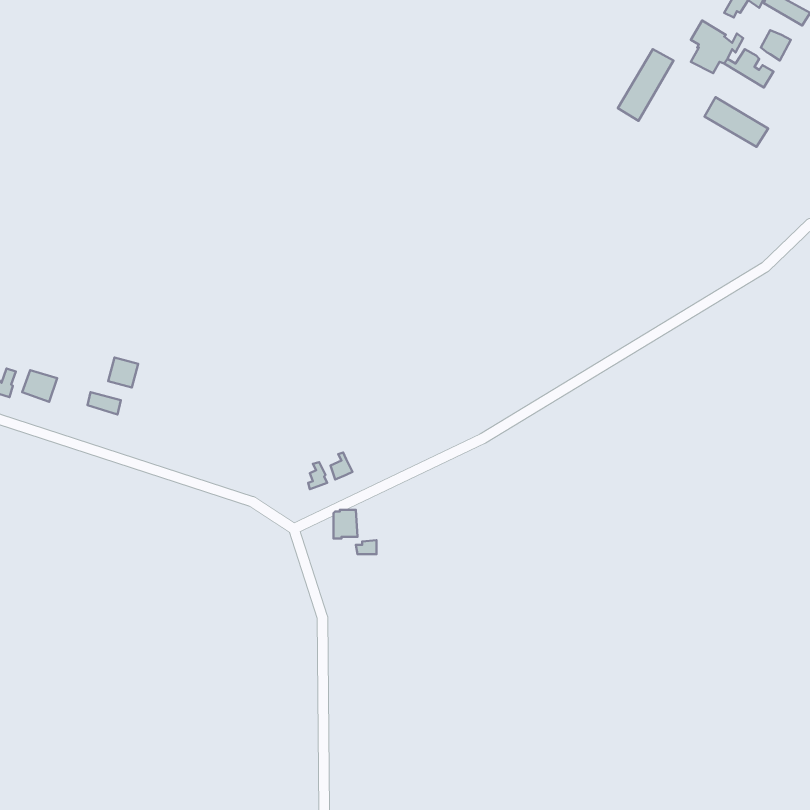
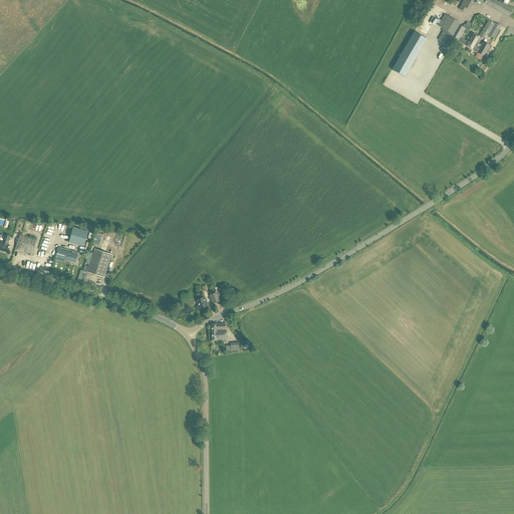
building: [704,97,768,147] -> none
building: none -> [86,248,110,276]

